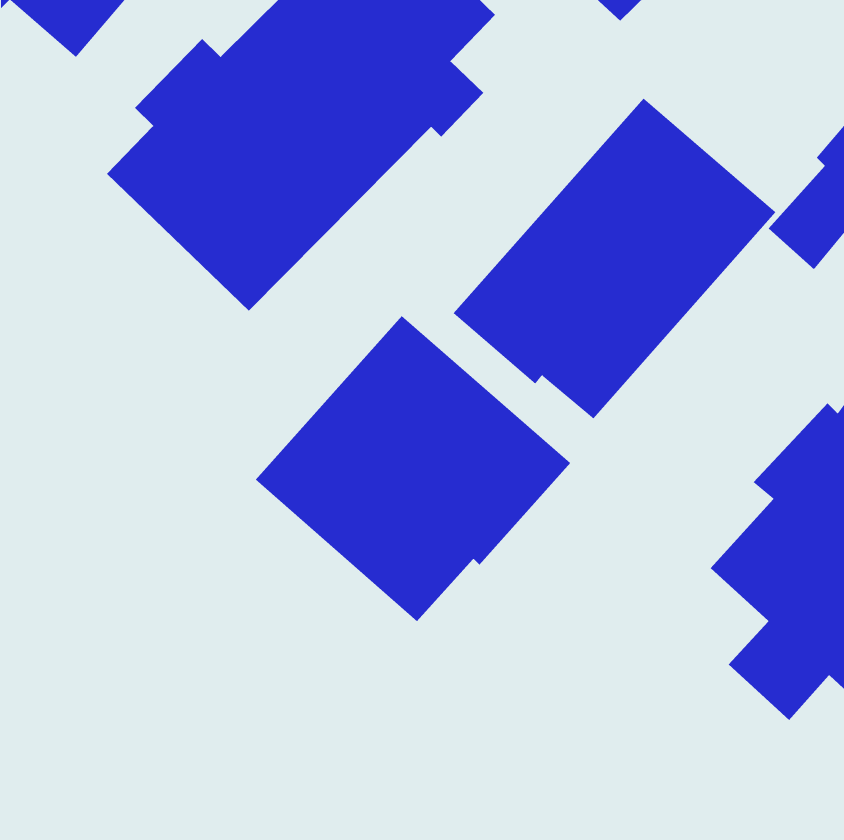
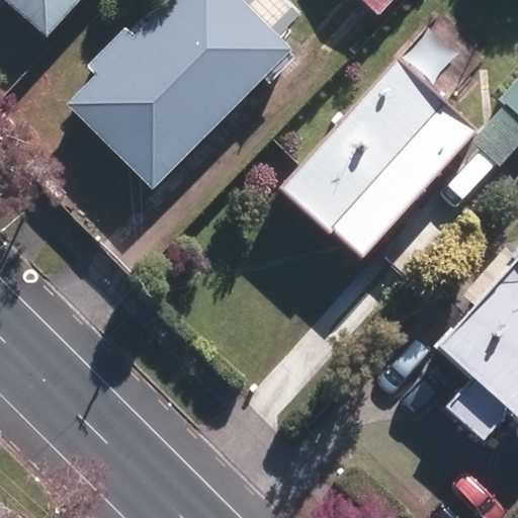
building: [255,315,571,622] -> none

